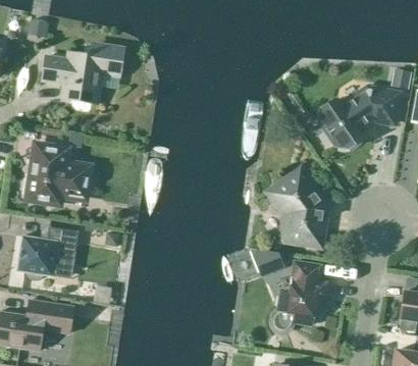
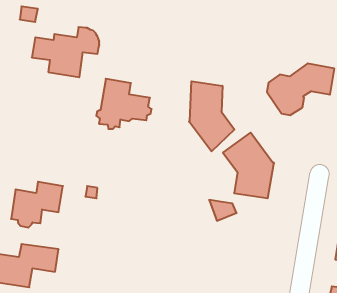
building: none -> [189,81,234,151]
building: [25,145,91,204] -> [96,79,152,129]
building: [270,261,326,332] -> none

